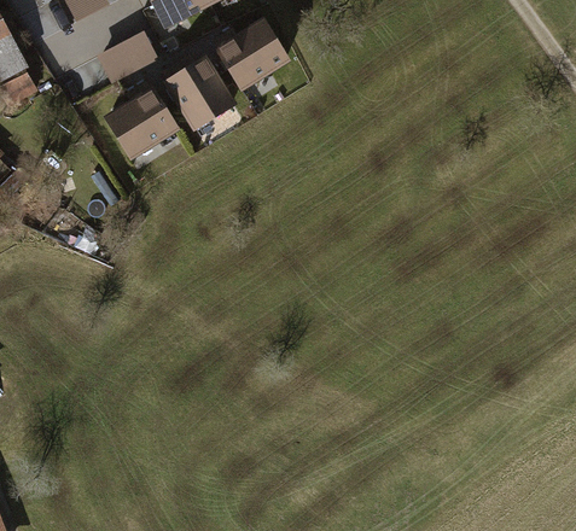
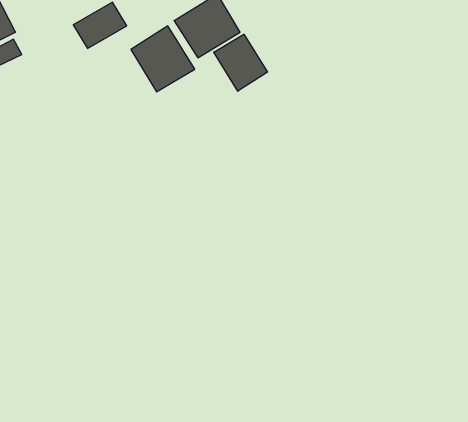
building: none -> [214,34,268,91]
building: [104,88,181,163] -> none

